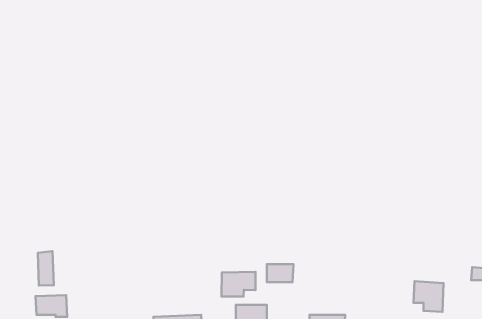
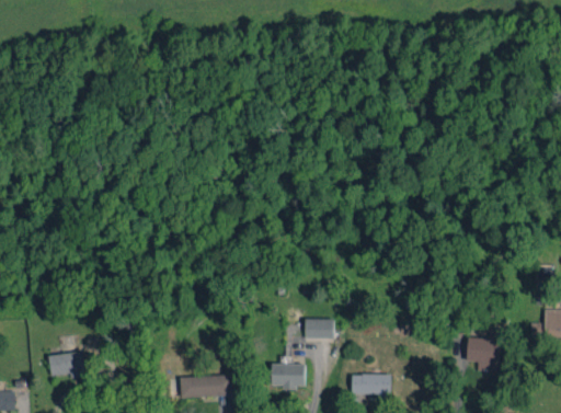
building: [38,251,54,286] -> none
building: [222,272,255,297] -> none

